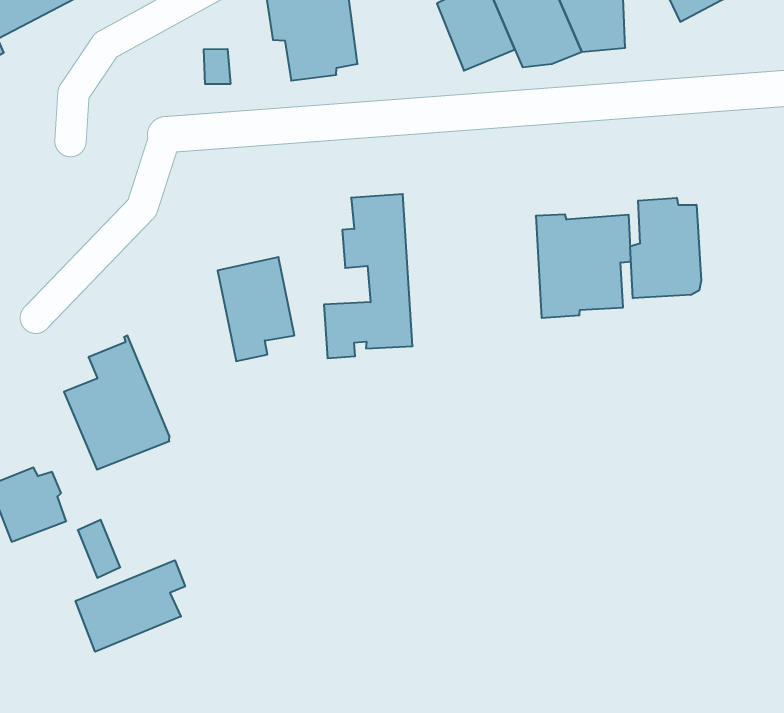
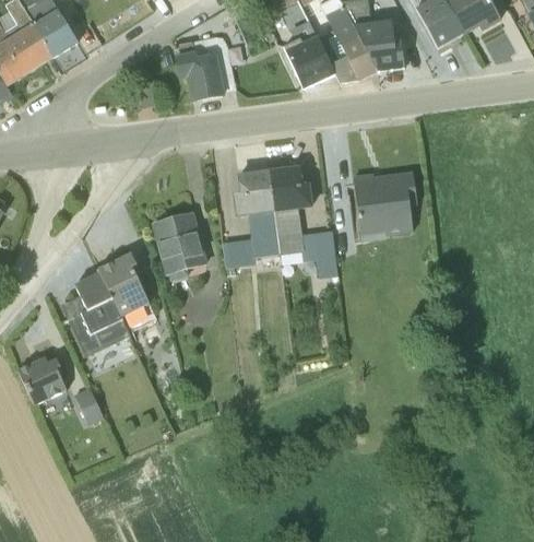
building: none -> [269,164,339,278]
building: [630,198,701,298] -> none
building: none -> [99,254,157,331]
building: [76,560,185,652] -> none

